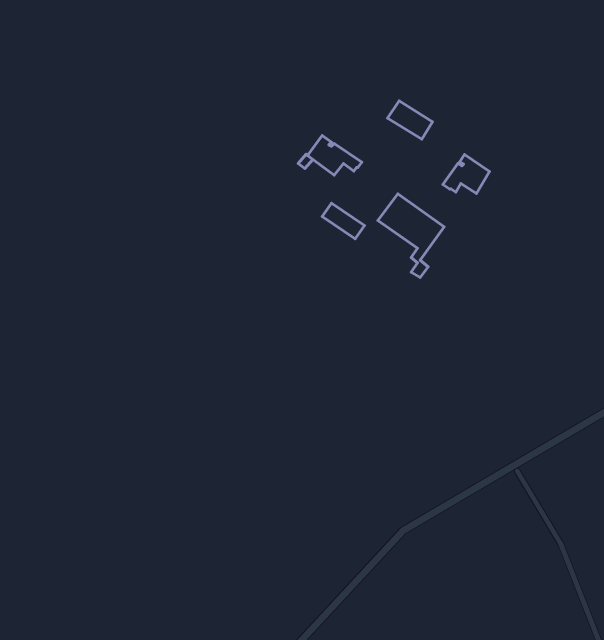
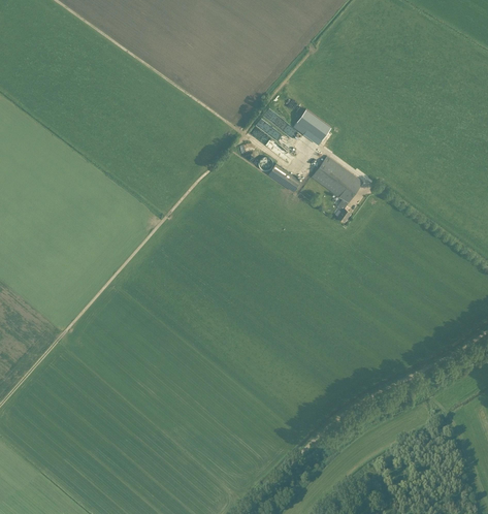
building: [387,101,432,139] -> [296,109,331,139]
building: [443,155,489,194] -> none

